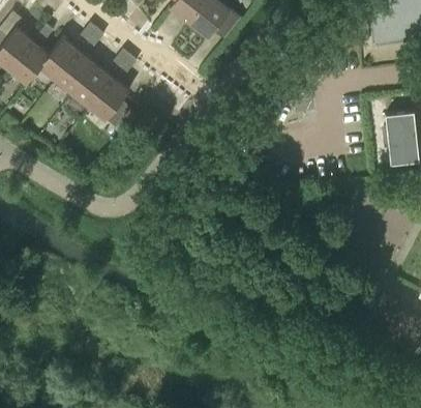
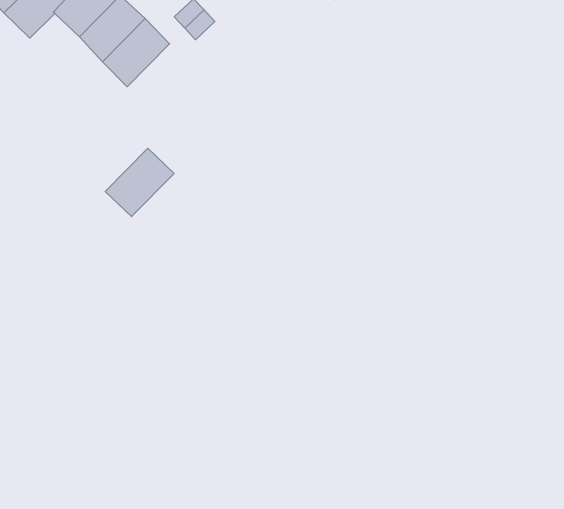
building: [89,79,129,121] -> [105,148,174,217]

